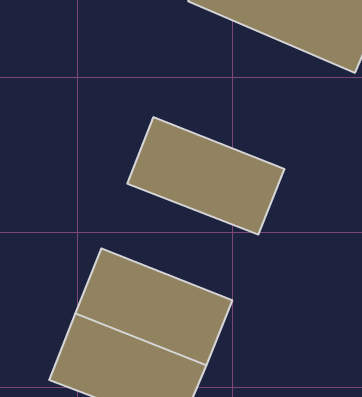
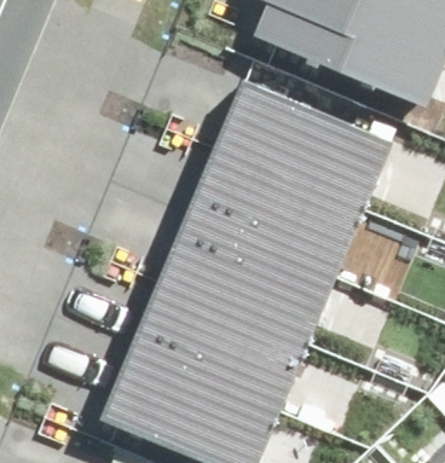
building: none -> [210,75,385,206]
building: none -> [152,221,328,352]

